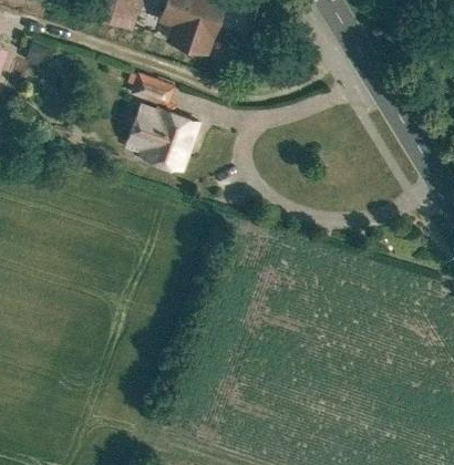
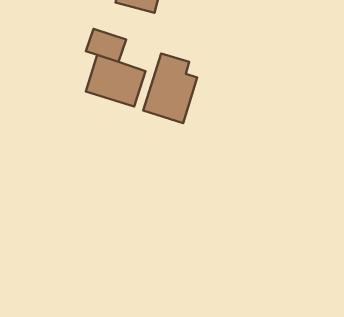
building: none -> [143,53,197,123]

